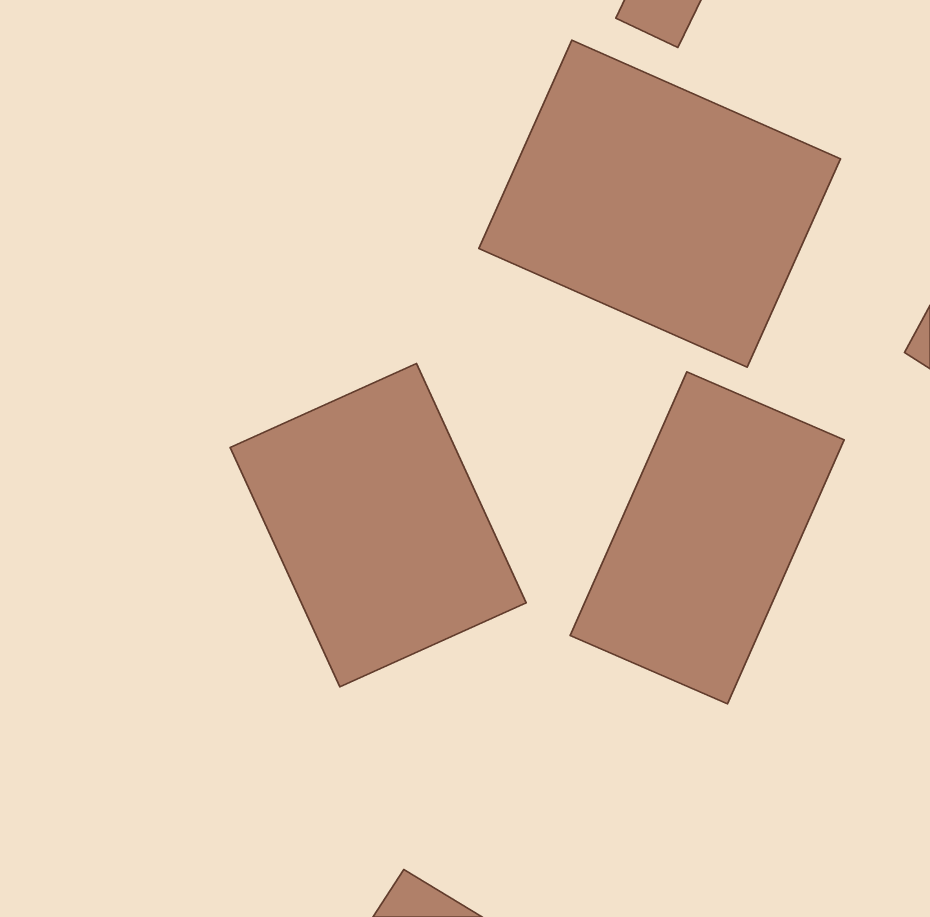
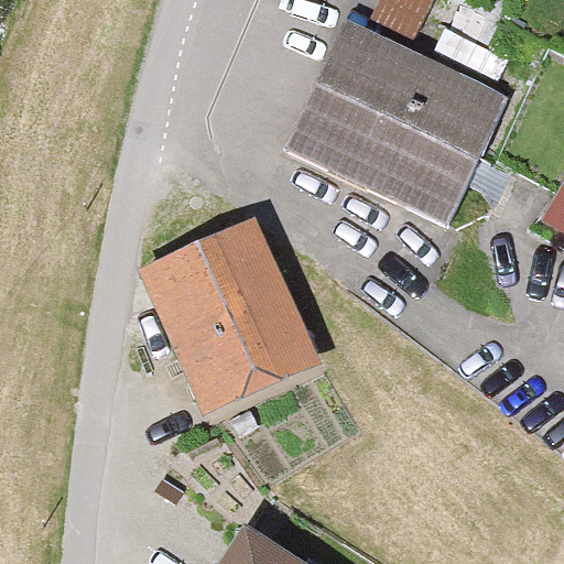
building: [570,372,844,704] -> none

